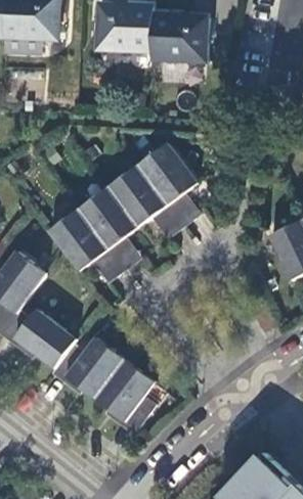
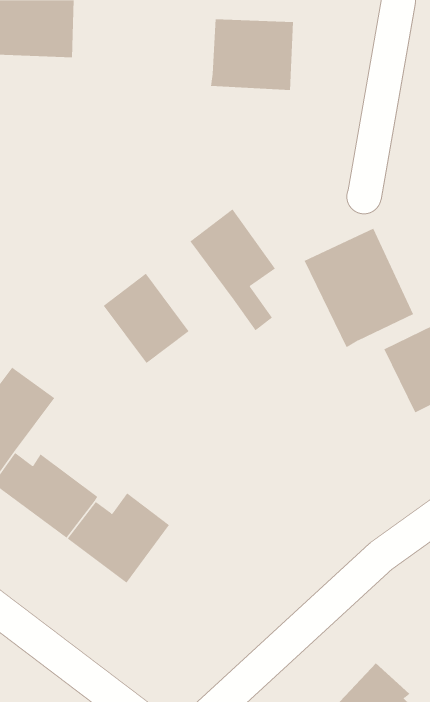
building: [98,5,155,51] -> none
building: none -> [304,228,414,348]
building: [107,166,167,227] -> none
building: [48,210,123,279] -> none
building: [94,360,154,430] -> none

